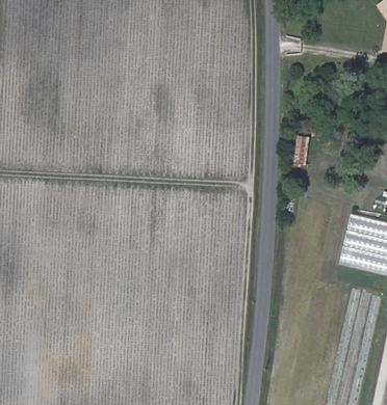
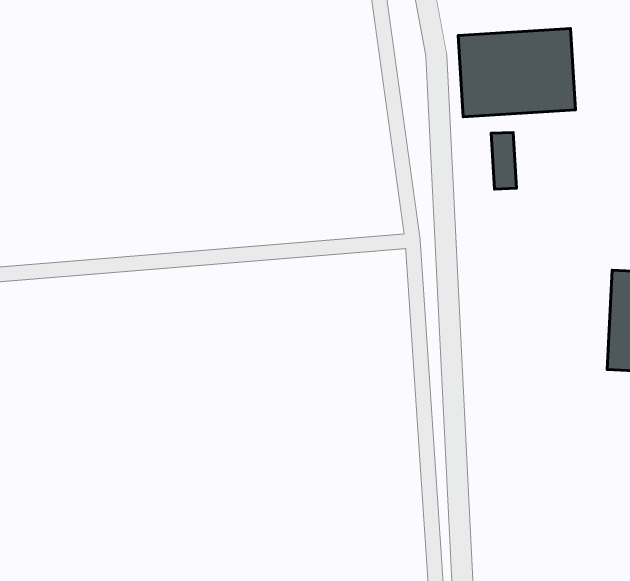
building: none -> [458,29,575,117]

